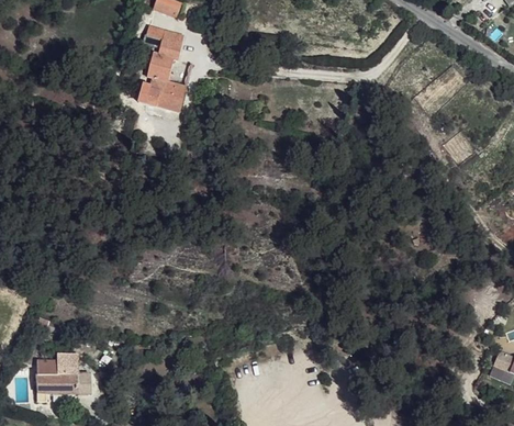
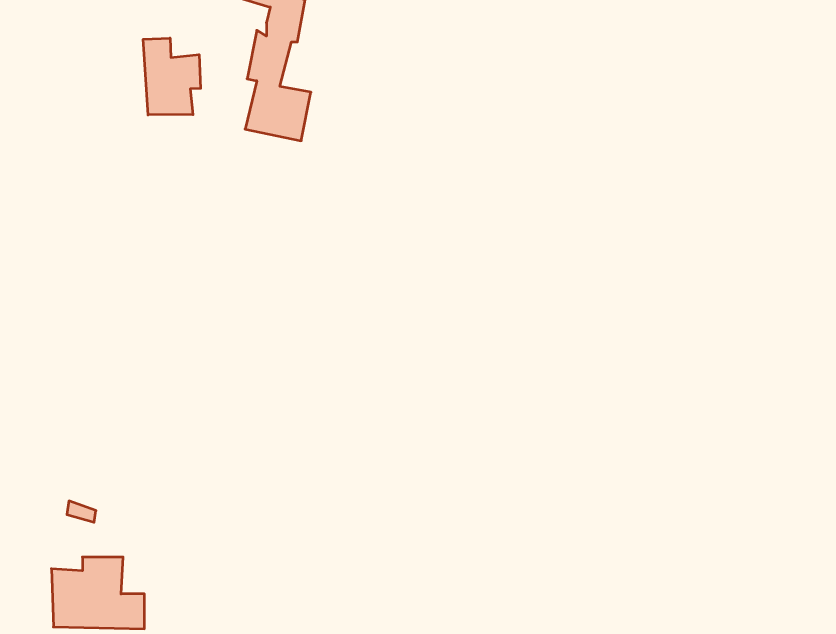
building: none -> [143,38,201,115]

